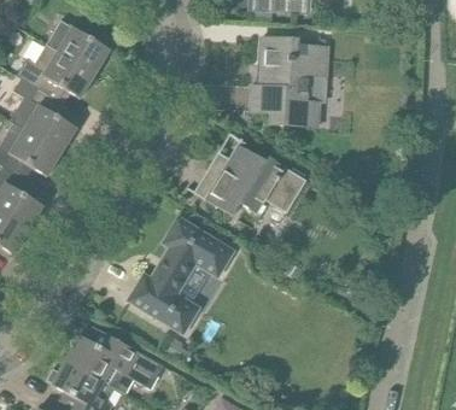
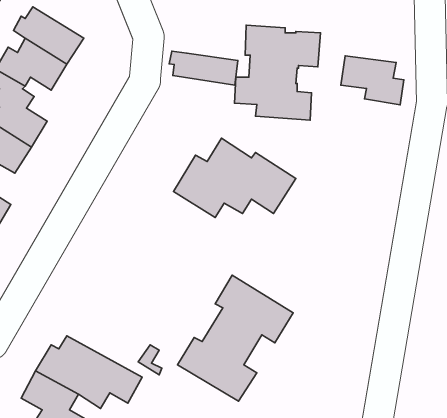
building: none -> [169,51,238,85]
building: none -> [341,56,404,105]
building: [128,216,235,333] -> [177,275,293,401]

